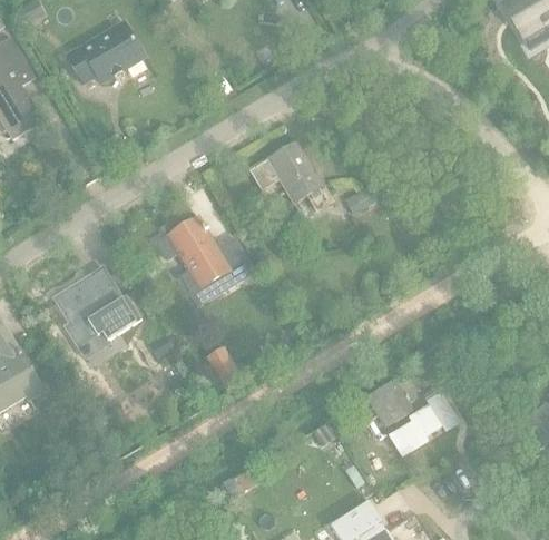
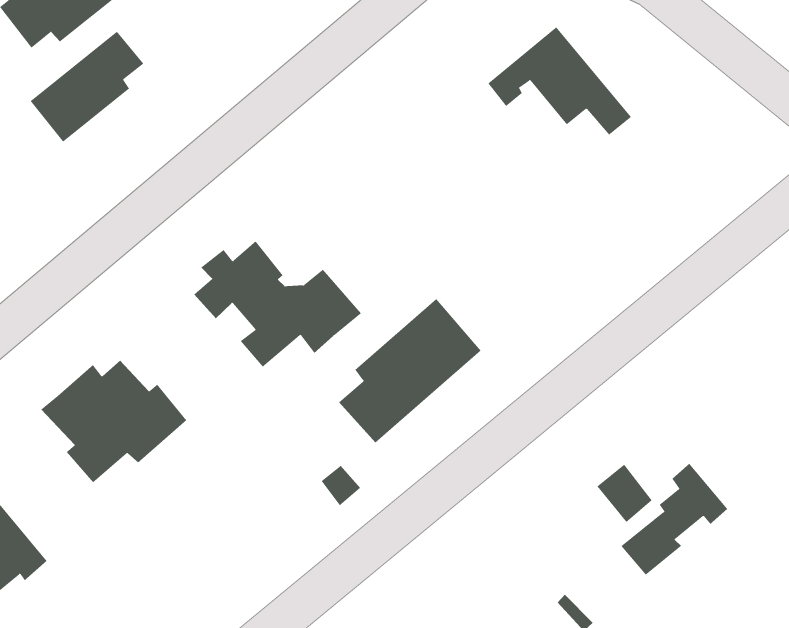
building: none -> [30,31,144,143]
building: [248,141,332,212] -> [487,26,632,135]
building: none -> [338,298,482,443]

